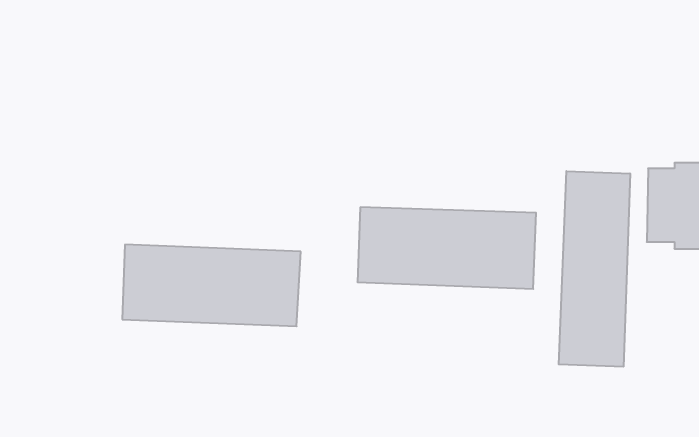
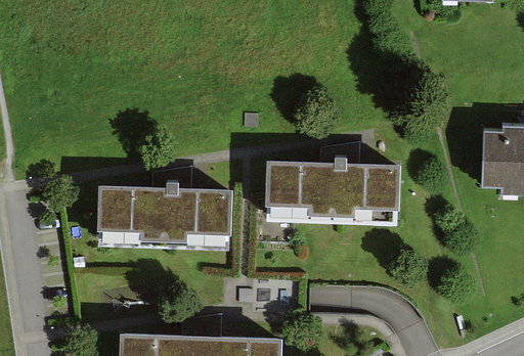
building: [559,171,630,367] -> none

